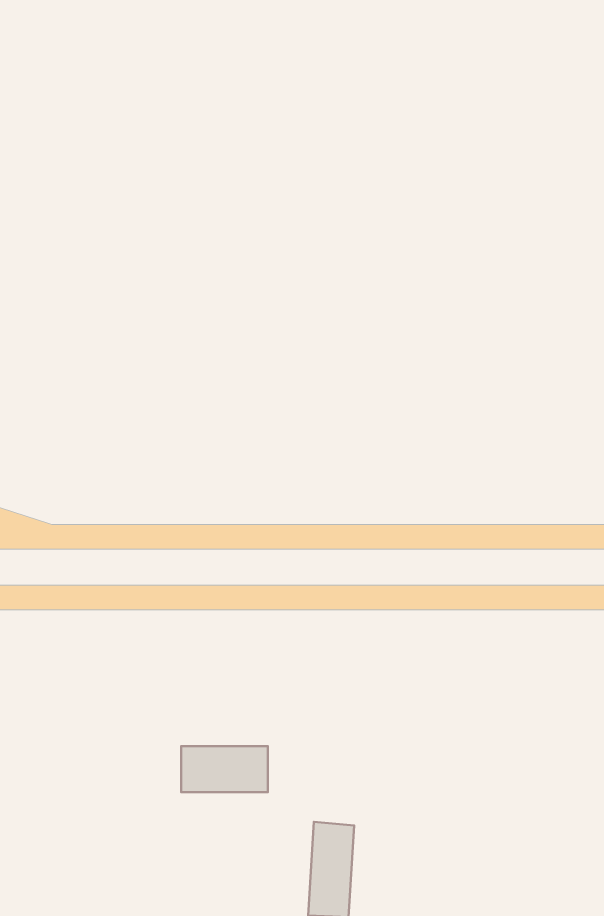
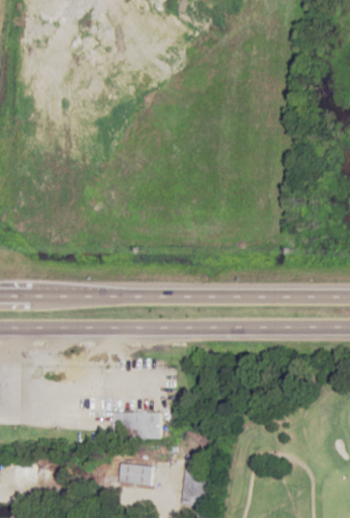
building: none -> [118,464,150,486]

